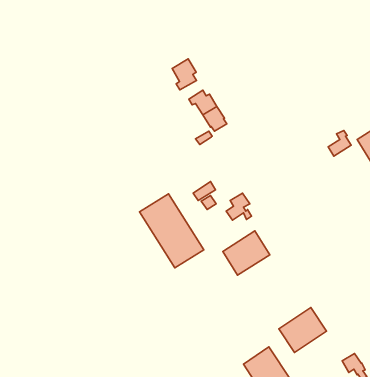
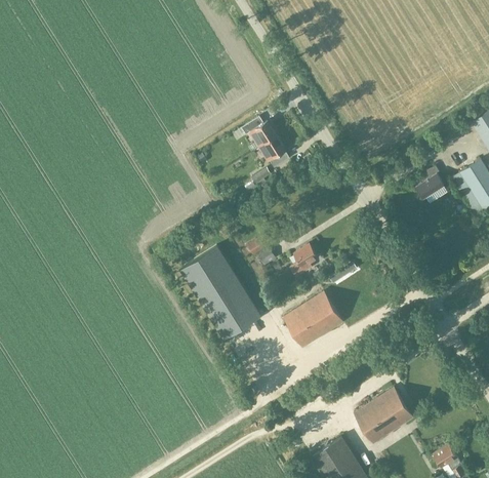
building: [172,59,197,90] -> none

